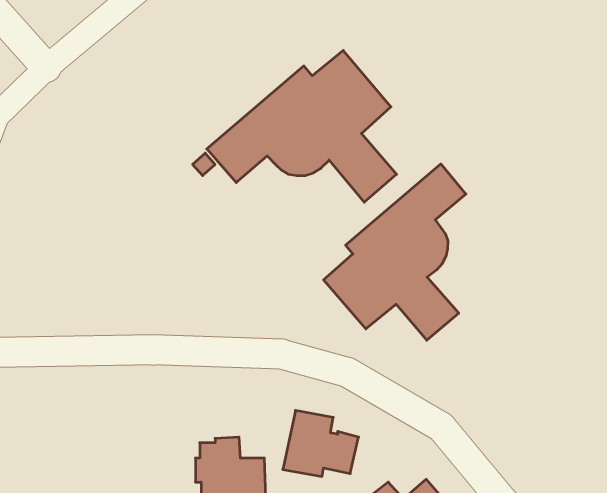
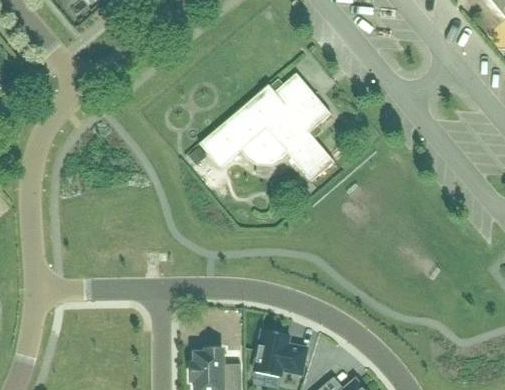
building: [324,164,466,340] -> none

